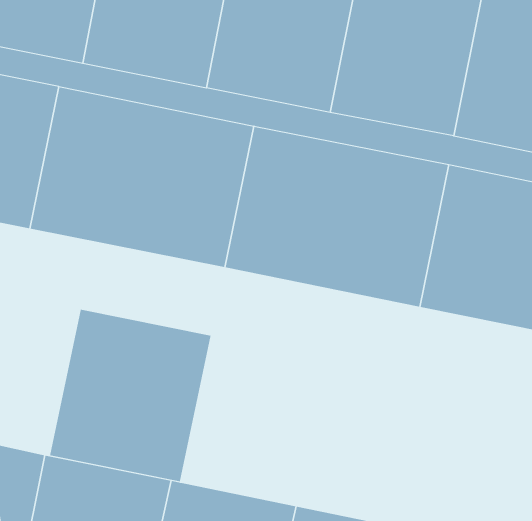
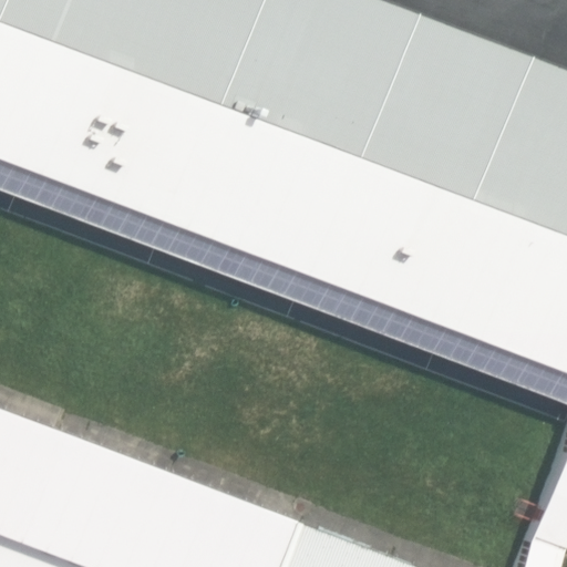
building: [49,309,211,482] -> none

